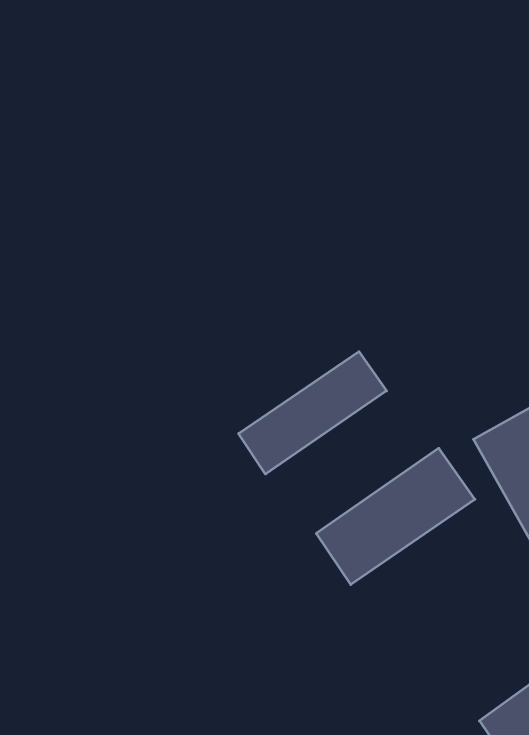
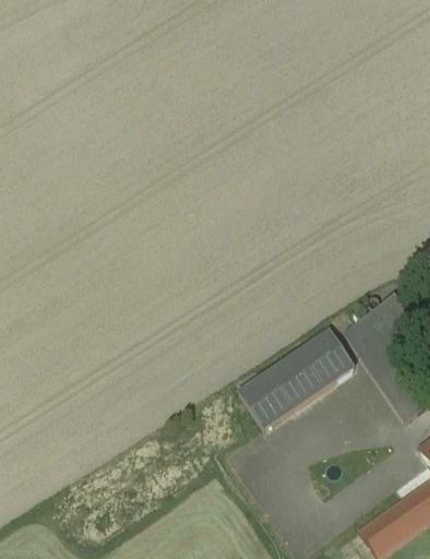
building: [239,352,387,474] -> none

